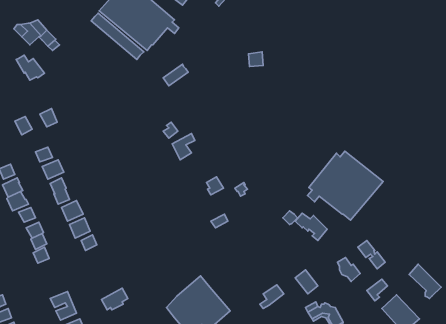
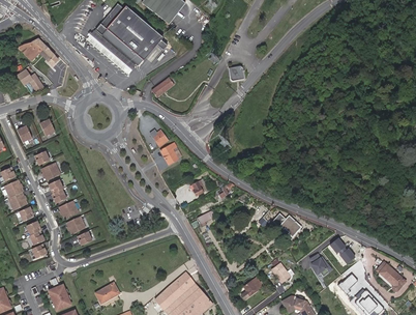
building: [307,151,383,220] -> none

